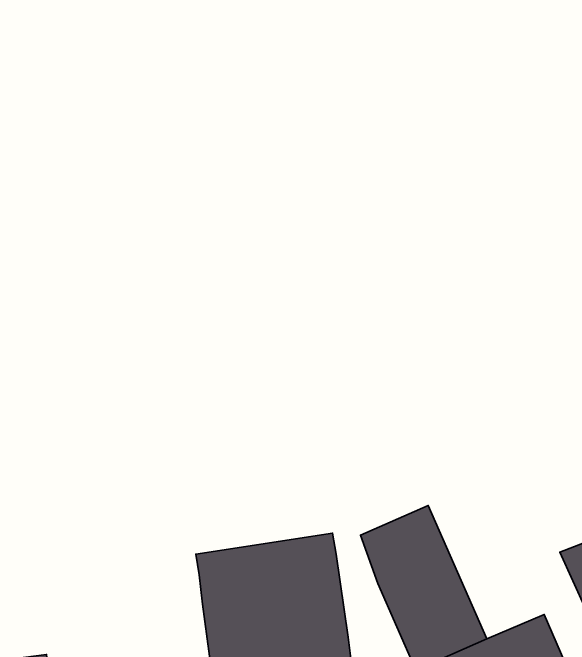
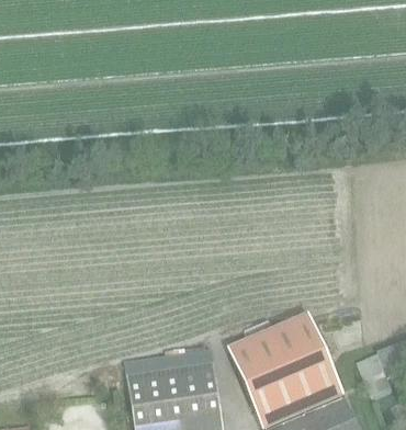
building: none -> [273,316,347,416]

